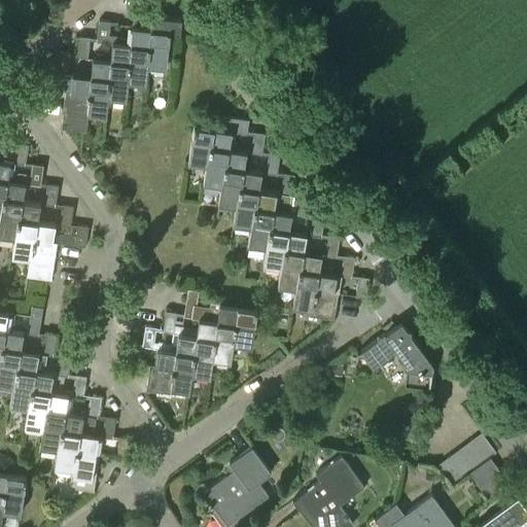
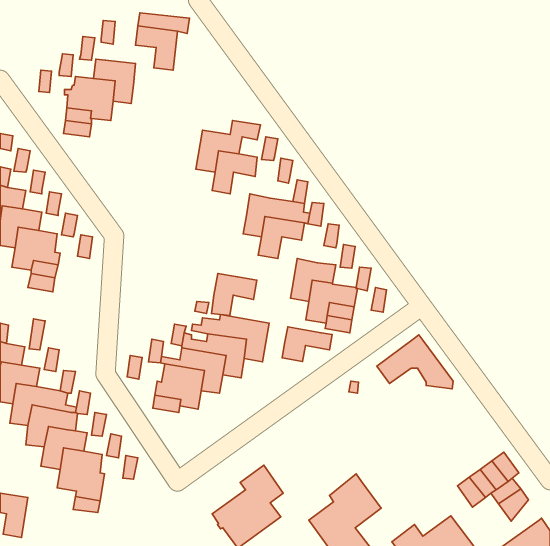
building: [101,45,149,87] -> none
building: [218,169,261,210] -> none
building: [264,231,307,271] -> [212,274,257,316]
building: none -> [282,327,332,361]

